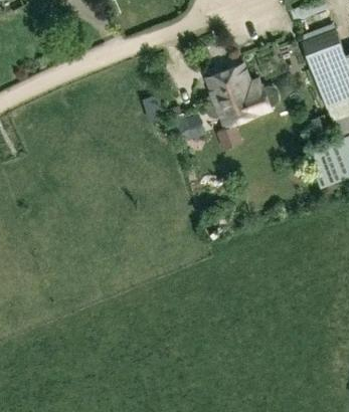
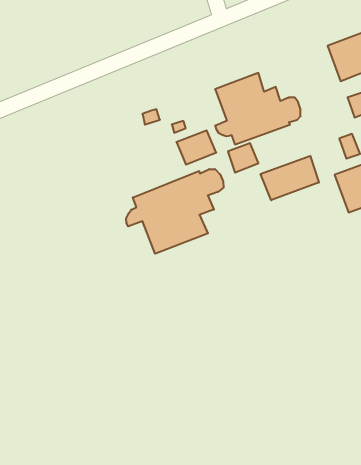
building: none -> [261,156,319,200]
building: none -> [126,169,224,254]

